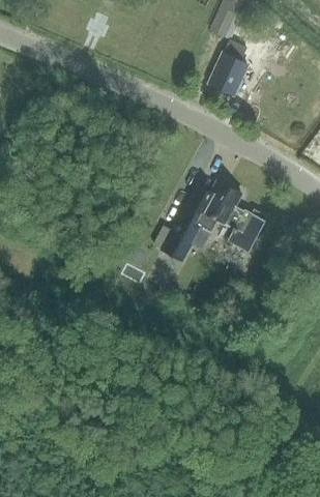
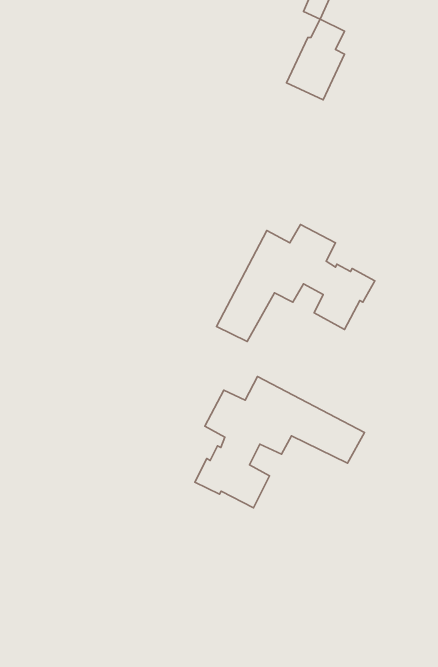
building: none -> [195,376,365,508]

